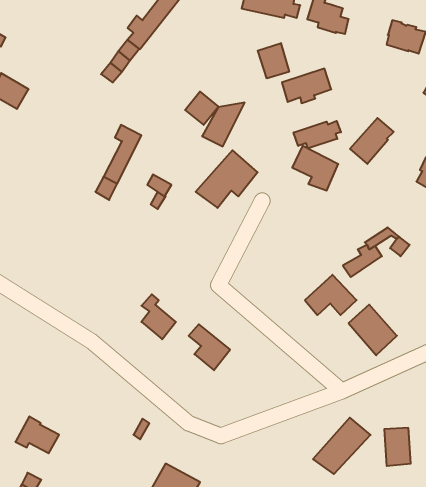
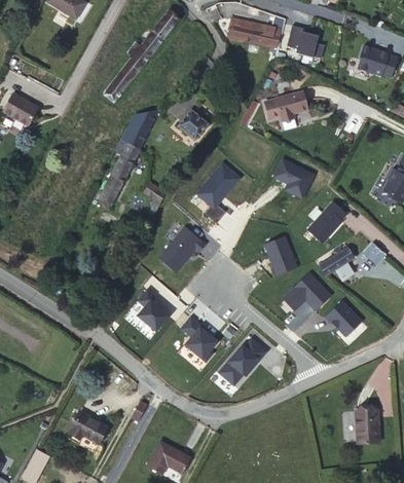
building: [258,43,289,78] -> none
building: [202,103,245,146] -> [120,110,158,149]
building: [350,118,394,164] -> [308,201,347,243]
building: [294,121,341,148] -> none
building: none -> [159,227,206,273]
building: none -> [265,238,296,273]
building: [15,416,59,453] -> [69,411,108,444]
building: [313,418,371,474] -> [216,336,267,386]

